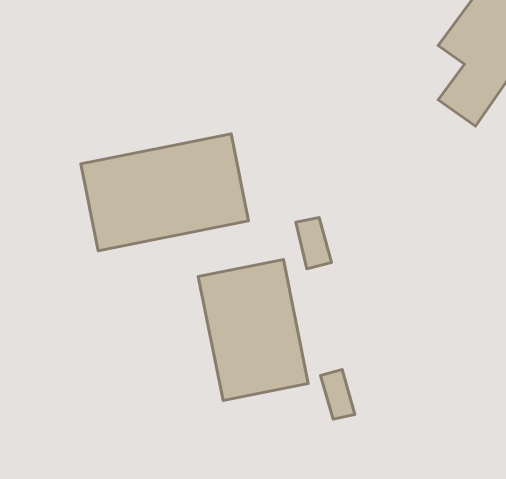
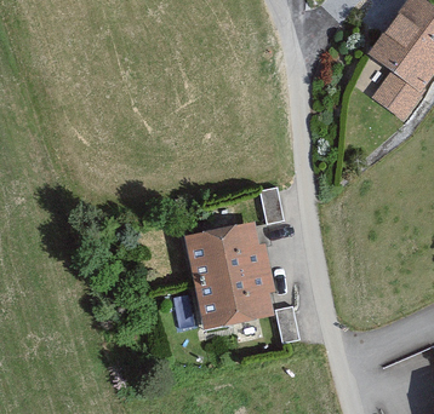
building: [81,134,249,251] -> none

